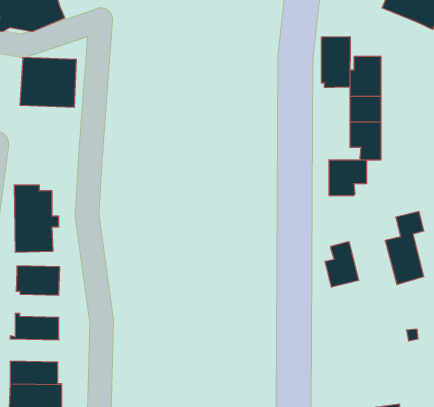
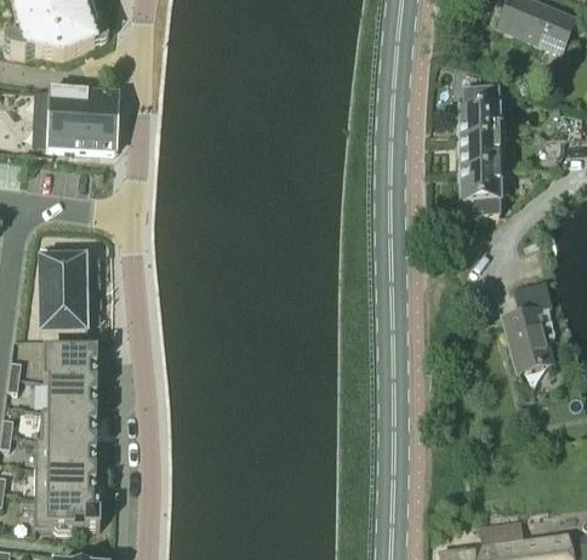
building: [322,37,350,88] -> none
building: [329,160,367,196] -> none
building: [325,242,359,287] -> none
building: none -> [47,383,96,412]
building: none -> [35,439,96,468]

